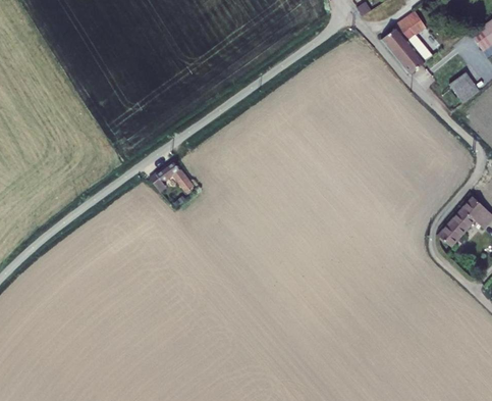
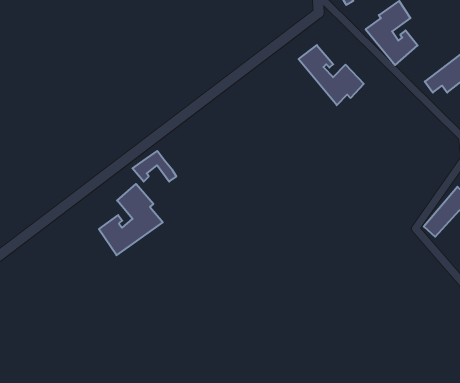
building: none -> [299,45,364,105]
building: none -> [99,184,163,255]

